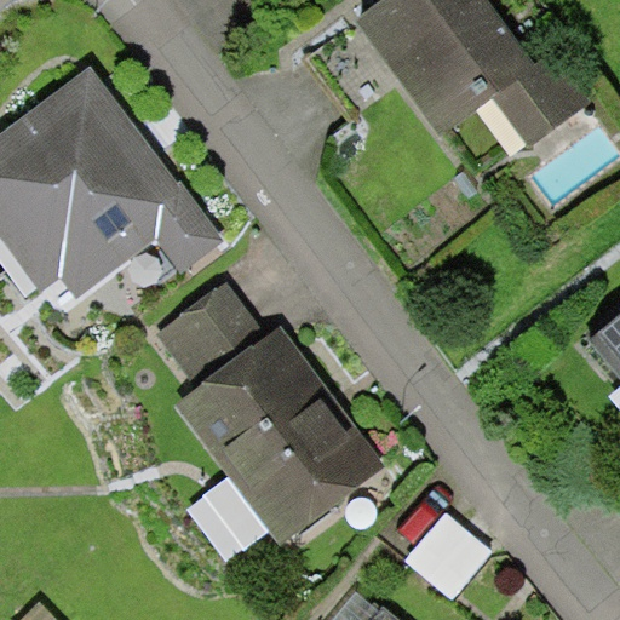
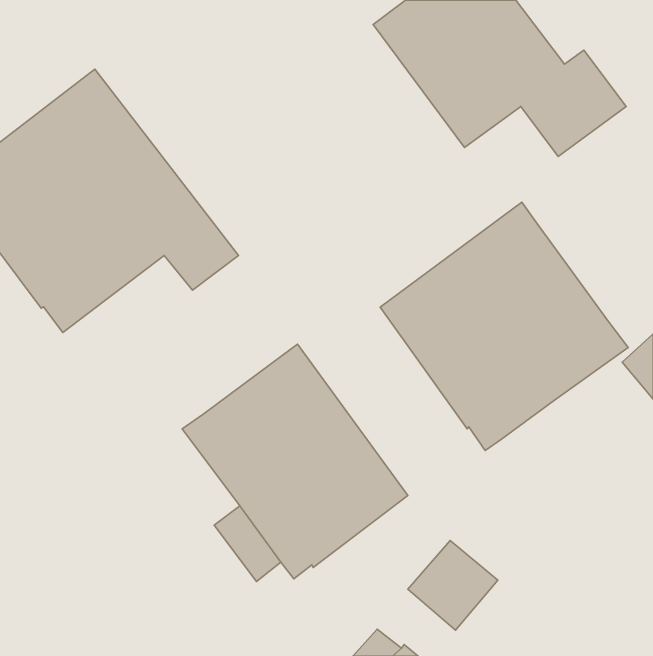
building: none -> [380,202,628,450]
building: [150,281,266,391] -> none

